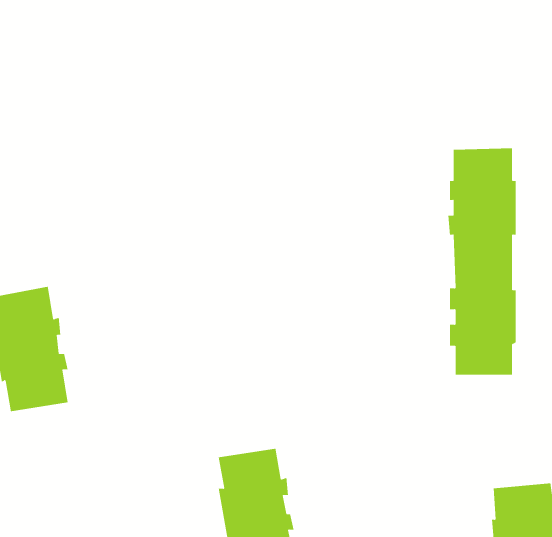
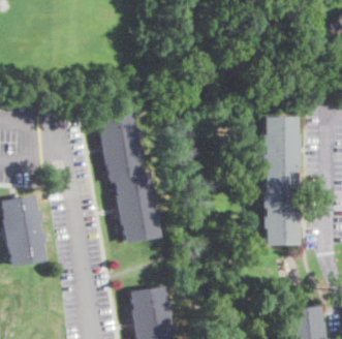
building: none -> [99,112,160,244]

